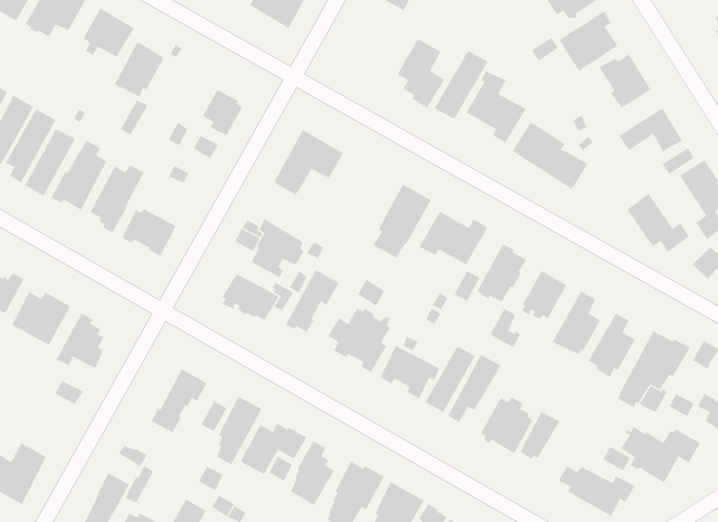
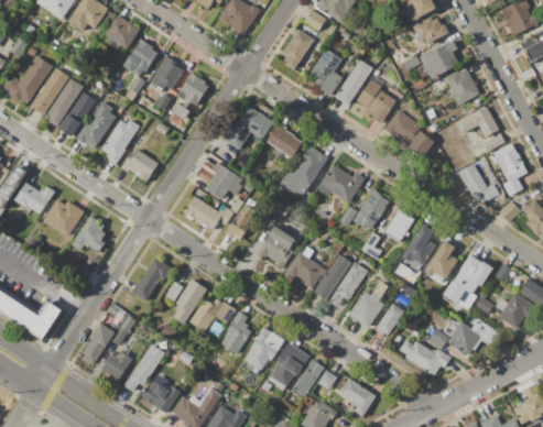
building: none -> [282,30,314,69]
building: none -> [150,55,186,90]
building: none -> [267,122,303,160]

